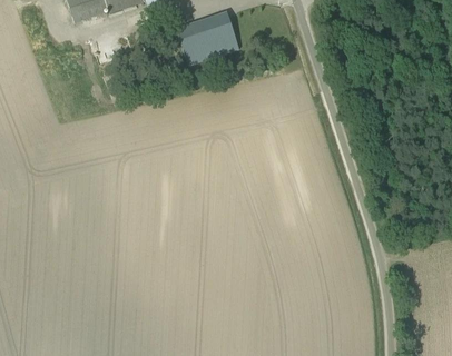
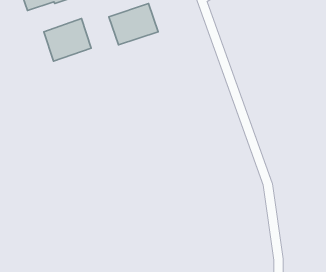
building: none -> [44,19,91,61]

